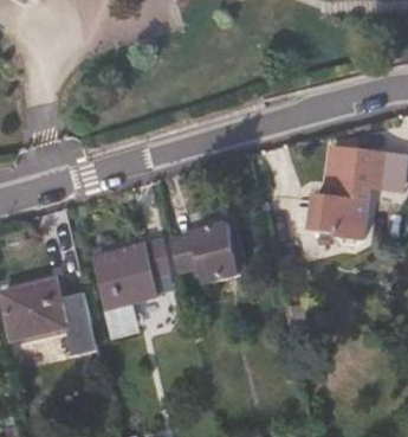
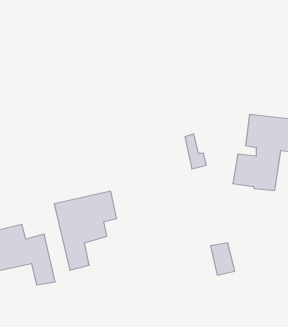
building: [168,224,238,283] -> none

